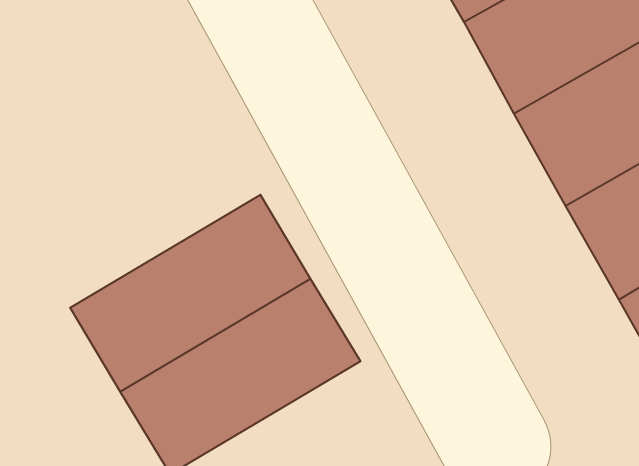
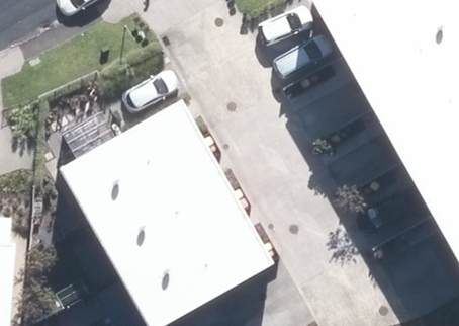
building: none -> [60,100,209,223]

